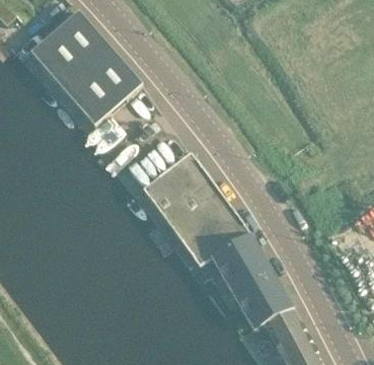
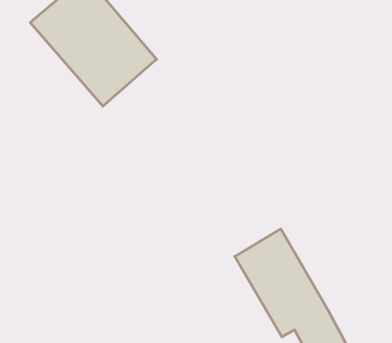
building: [143,151,251,265] -> none

